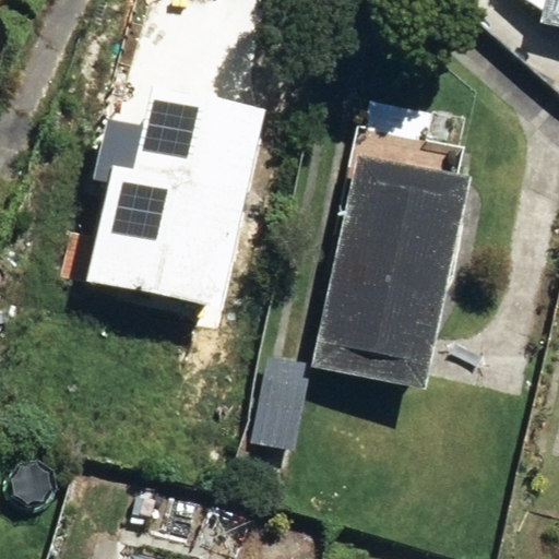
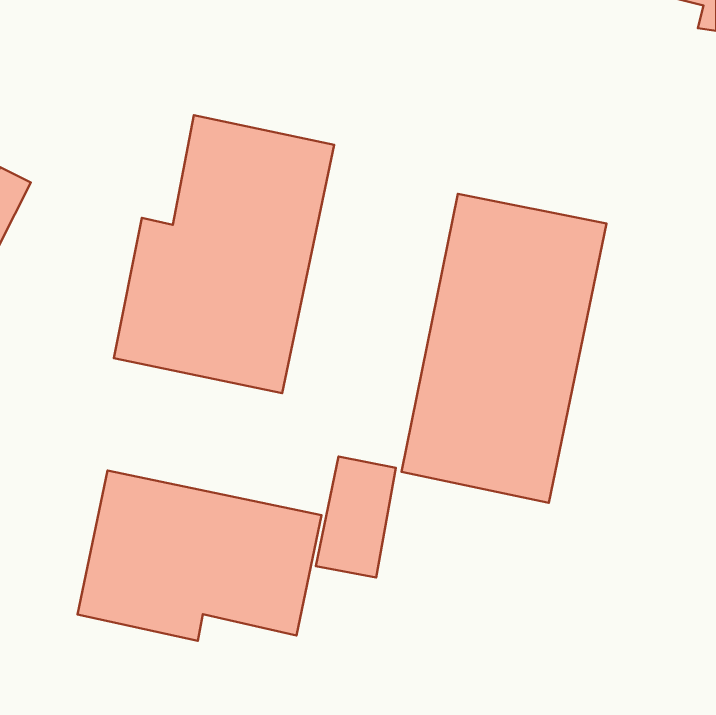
building: none -> [77,470,322,641]

